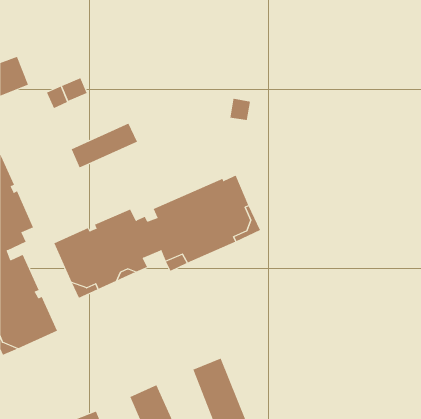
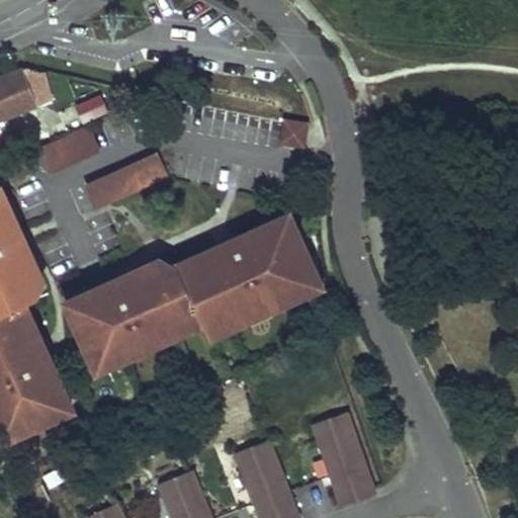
building: none -> [42,130,100,173]
building: none -> [316,417,373,509]

